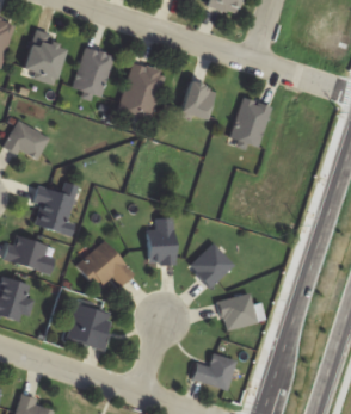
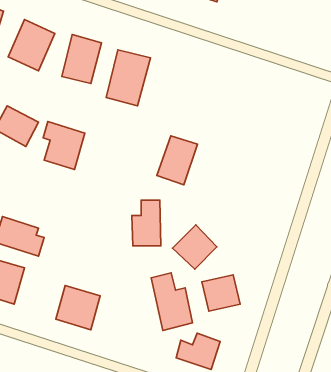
building: [179,81,215,122] -> none
building: [229,98,271,148] -> [157,136,198,185]
building: [33,186,76,235] -> [43,122,85,169]
building: [76,240,135,288] -> none
building: none -> [151,273,193,330]

